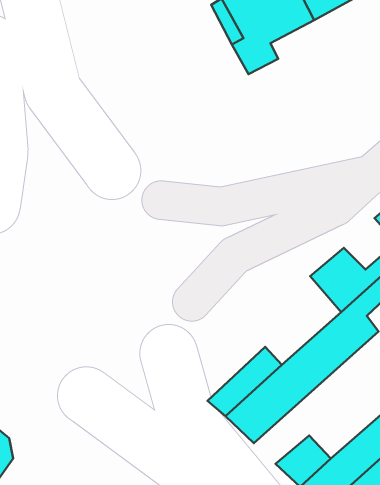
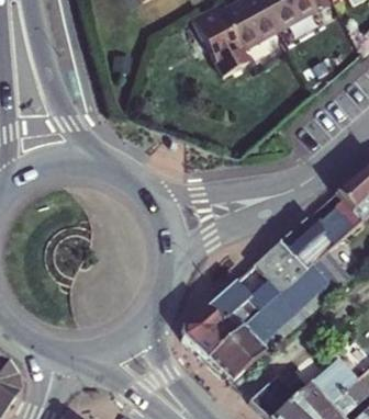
building: none -> [183,239,306,346]

